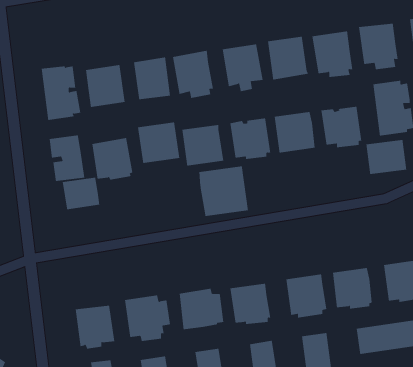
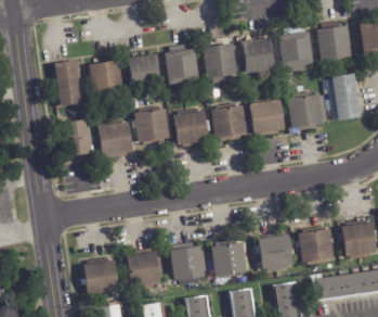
building: [366,139,407,175] -> none
building: [199,165,248,217] -> none
building: [62,177,100,210] -> none

